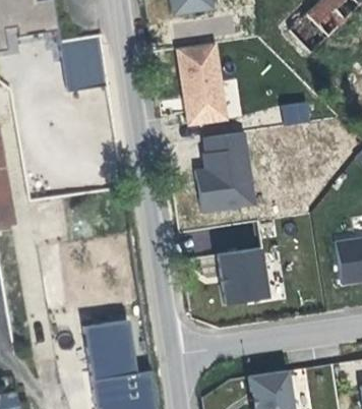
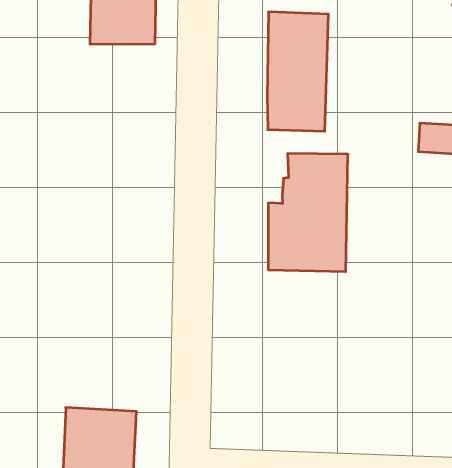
building: [218,249,264,304] -> none

